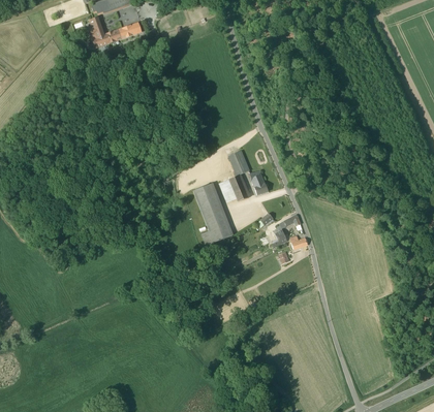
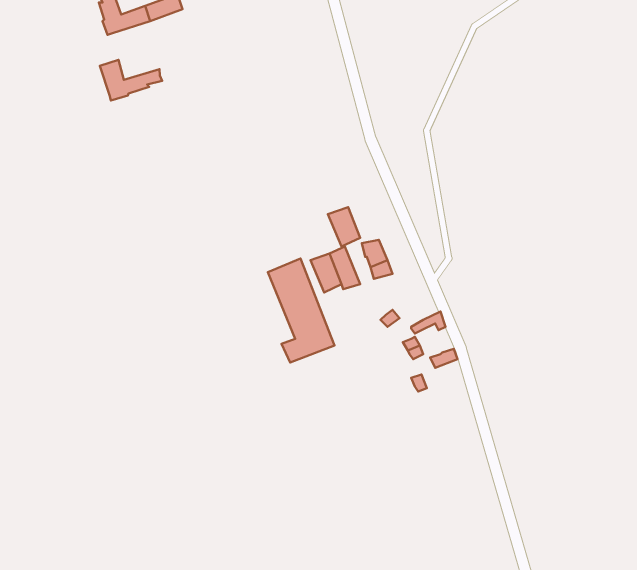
building: none -> [100,60,162,100]

